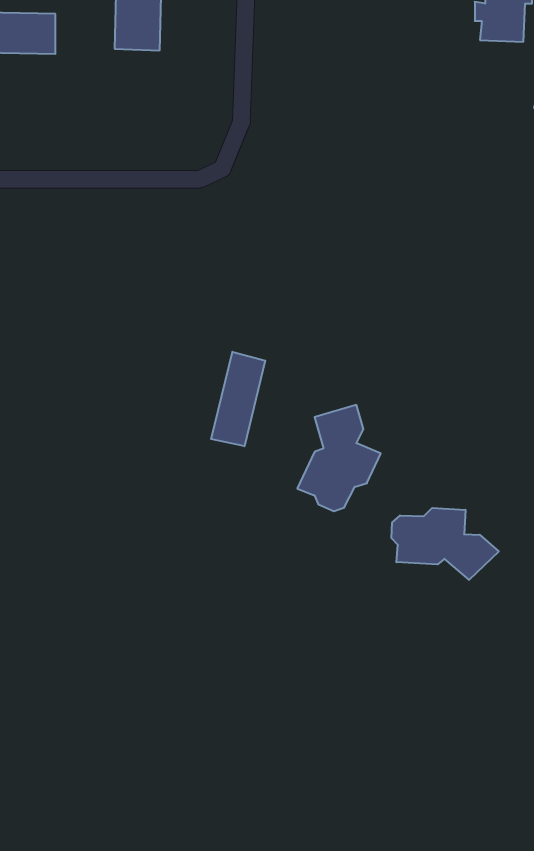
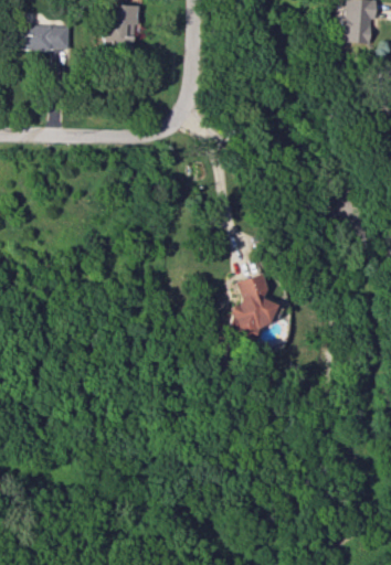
building: [211,352,265,446] -> none
building: [392,508,499,580] -> none

